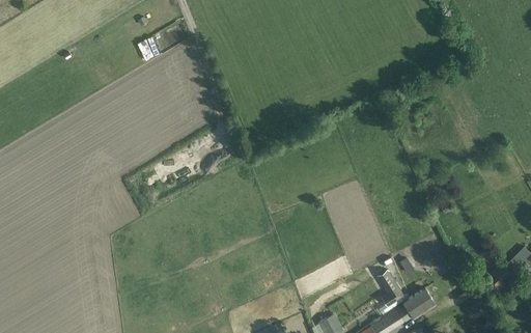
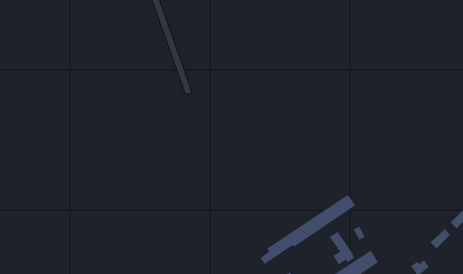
building: none -> [260,194,356,265]

